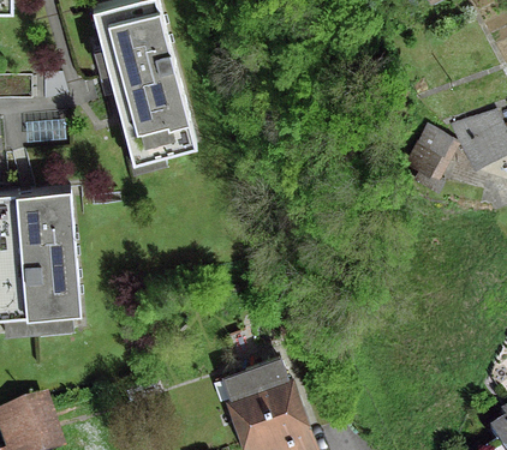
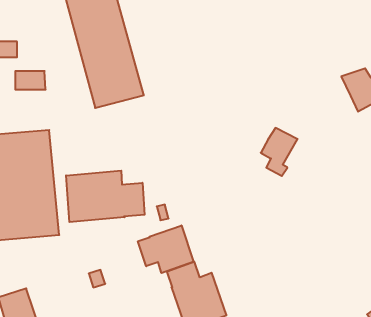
building: [405,126,453,188] -> [261,128,298,176]
building: none -> [66,171,145,222]
building: none -> [138,225,194,273]

